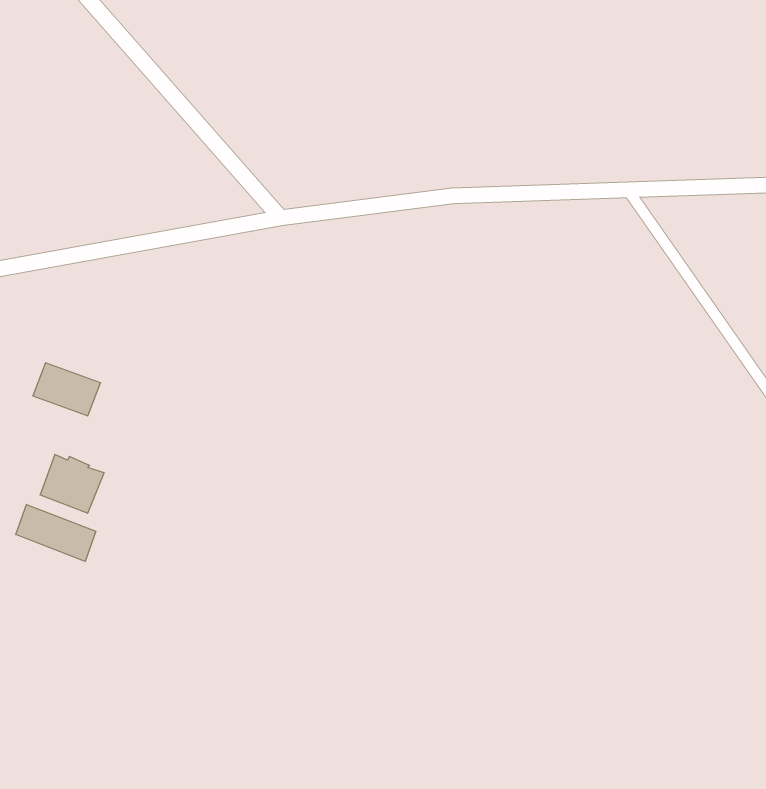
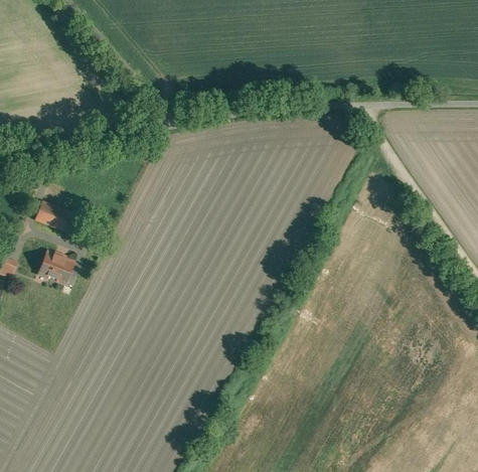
building: [16,504,96,561] -> none

